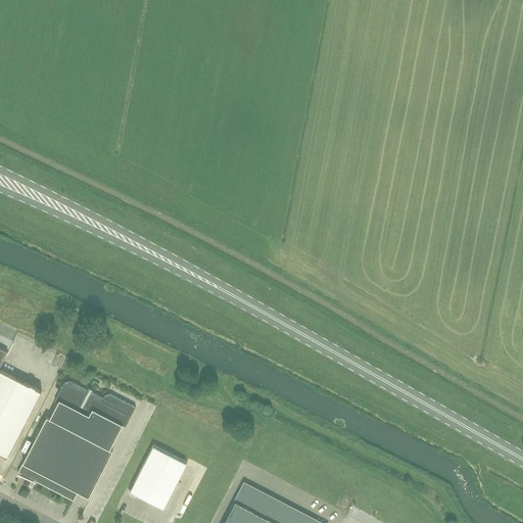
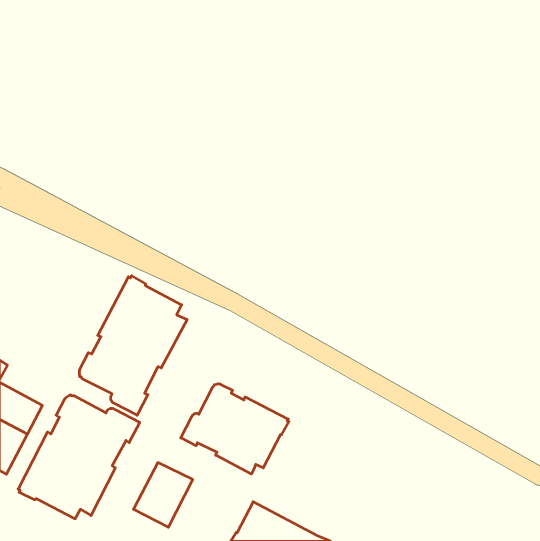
building: none -> [79,276,187,415]
building: none -> [181,384,289,474]

